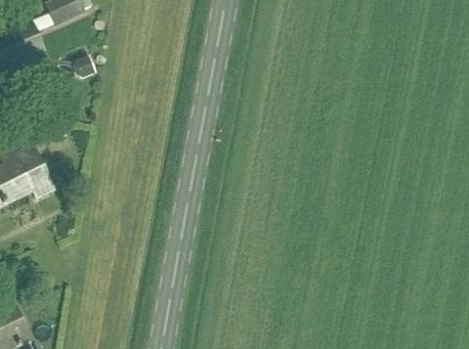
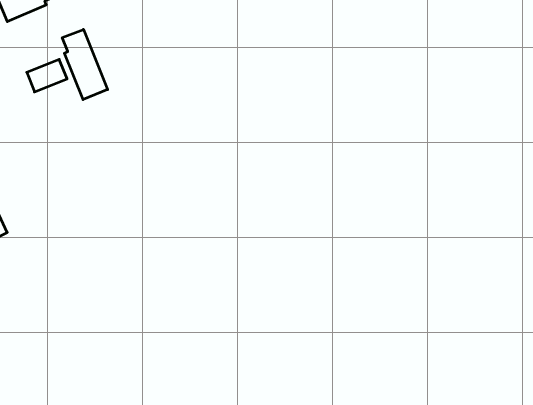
building: none -> [62,29,108,100]

